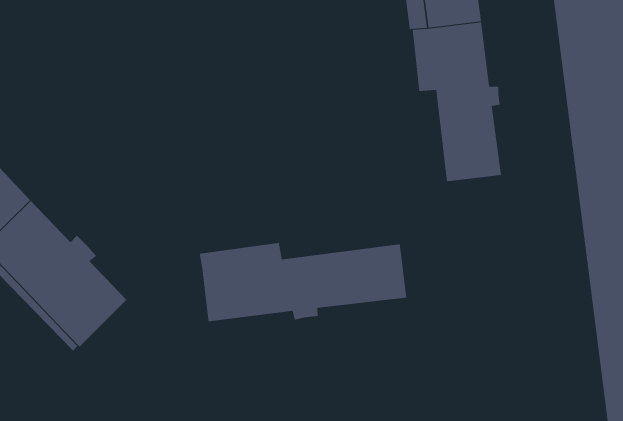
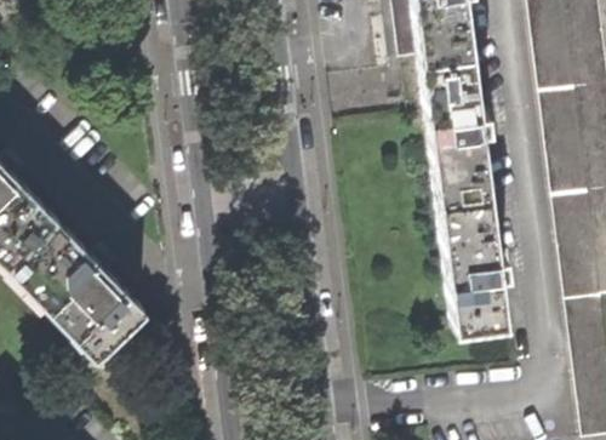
building: none -> [438,198,505,332]
building: [199,242,407,322] -> none

